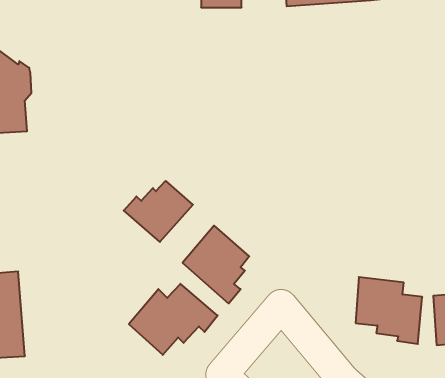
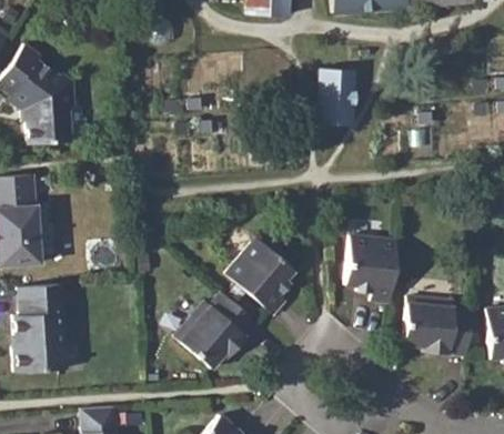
building: none -> [316,69,354,128]
building: [124,181,193,242] -> none
building: none -> [343,233,396,301]

